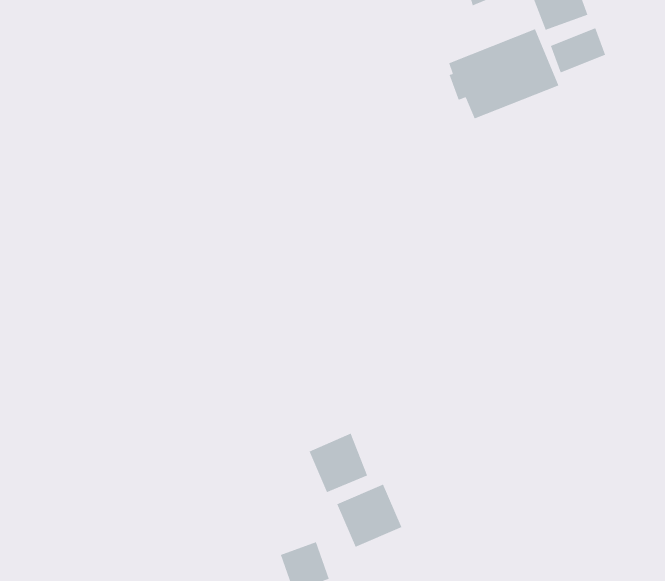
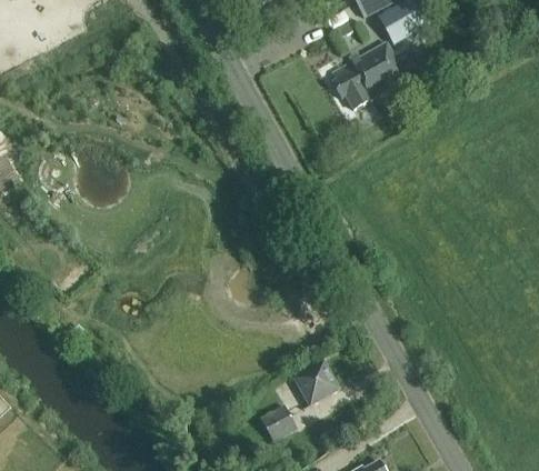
building: [550,27,606,74] -> none
building: [308,433,368,493] -> none

